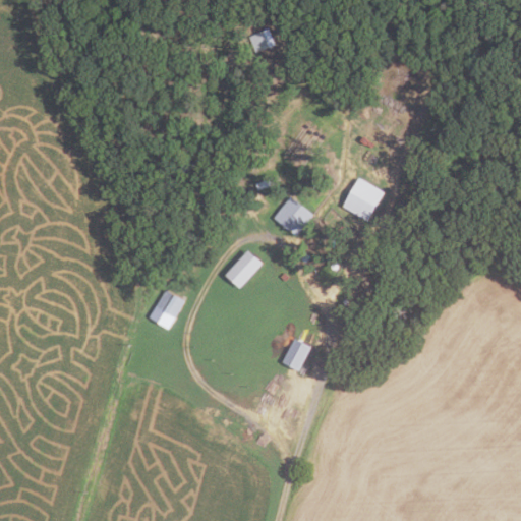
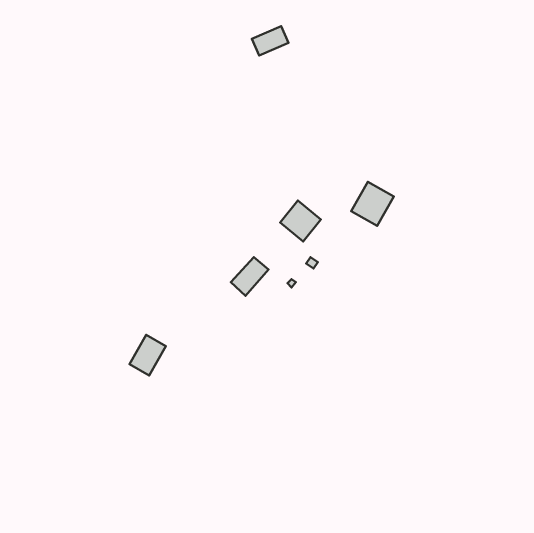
building: [149,289,184,329] -> [129,335,166,376]
building: [282,339,310,370] -> none

